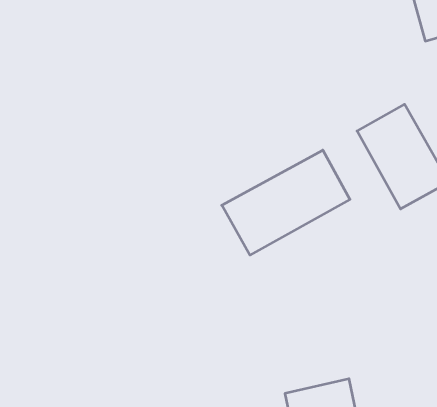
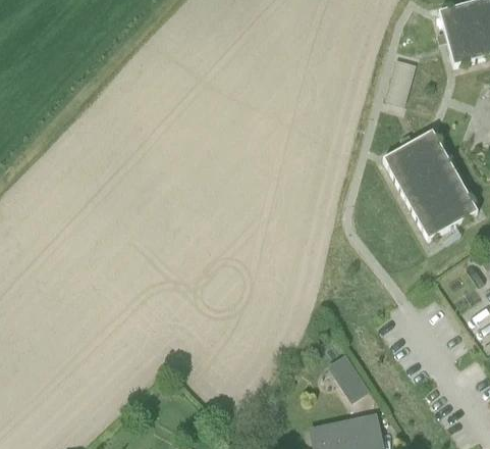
building: [222,150,350,255] -> none
building: none -> [327,352,370,402]

